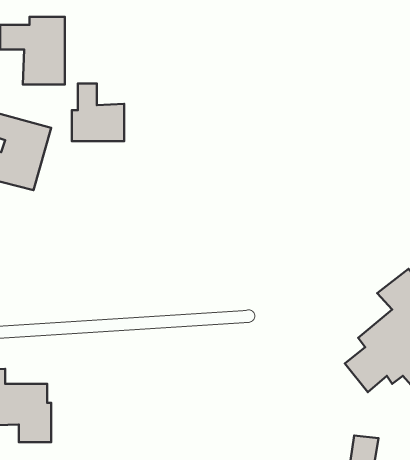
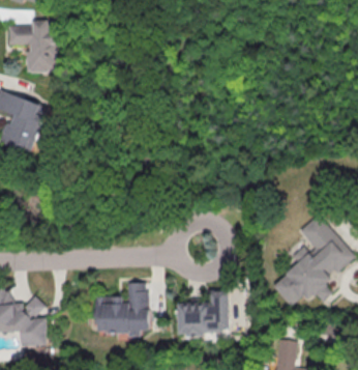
building: [72,84,124,141] -> none
building: none -> [94,281,150,335]
building: none -> [177,288,229,334]

